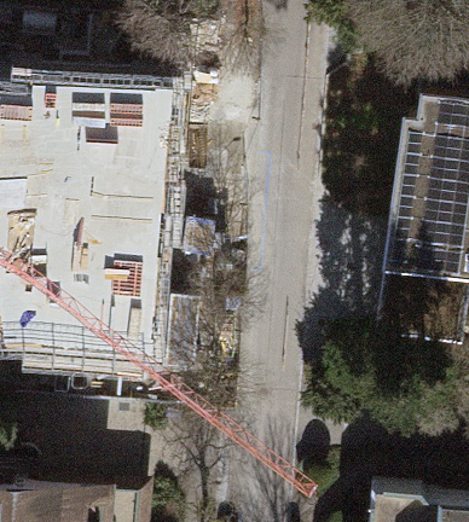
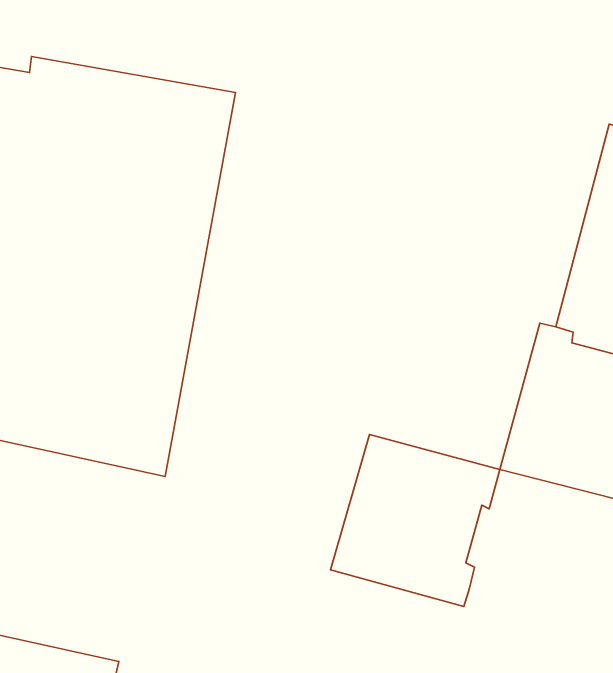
building: none -> [331,435,500,606]

